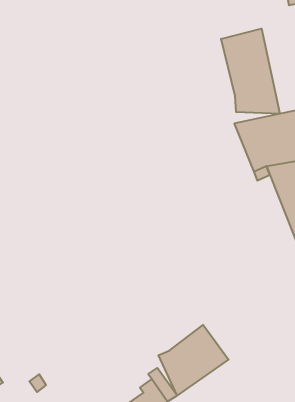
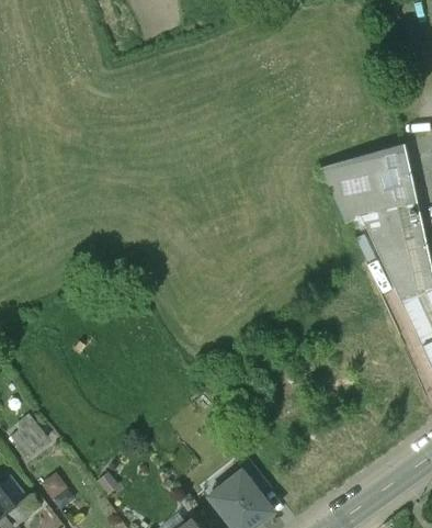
building: [221,29,280,114] -> none
building: [159,325,229,395] -> none

